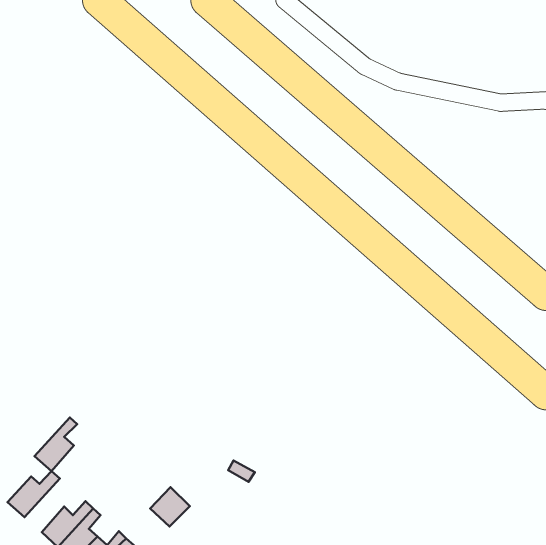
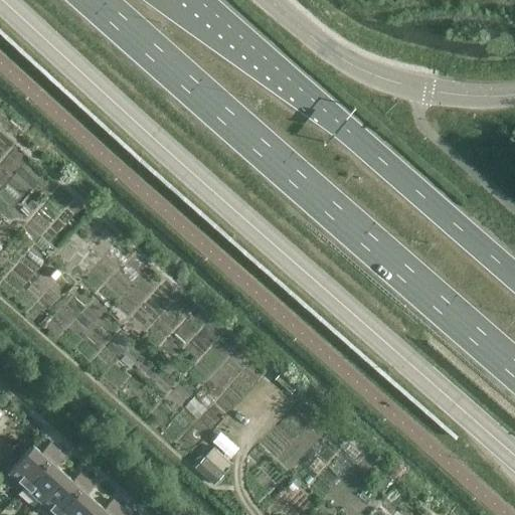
building: [34,418,77,471] -> [23,452,63,502]
building: [150,487,190,527] -> [195,447,232,484]

